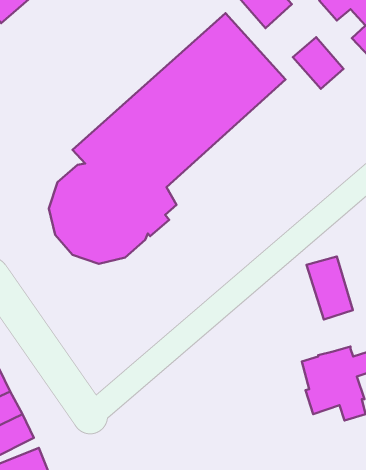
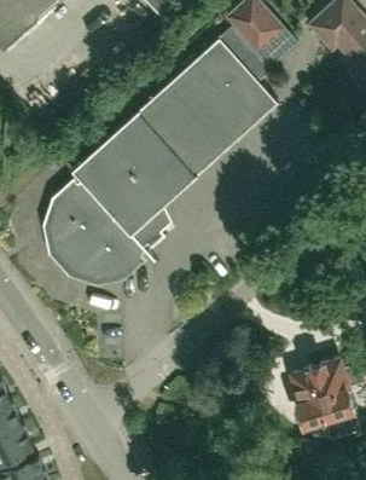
building: [293,37,343,89] -> none
building: [306,256,353,320] -> none

